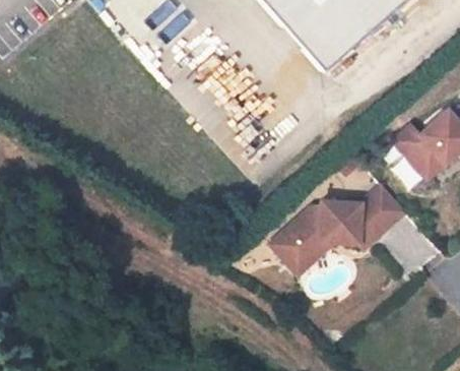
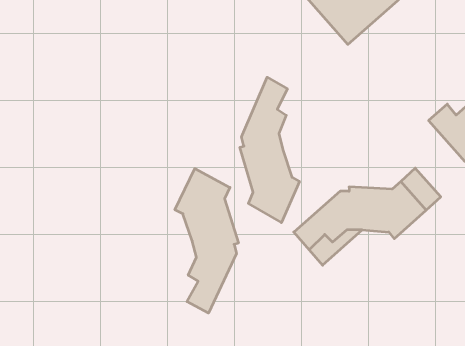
building: none -> [240,77,299,223]
building: none -> [175,169,238,313]

